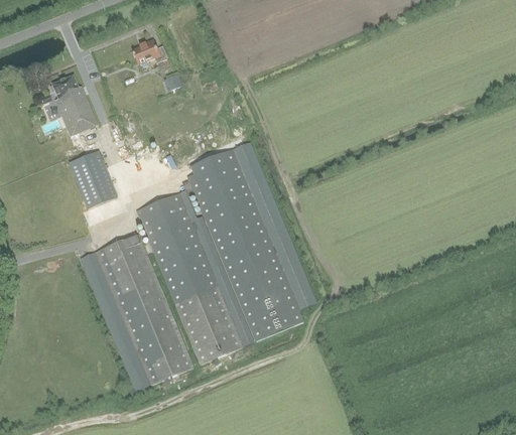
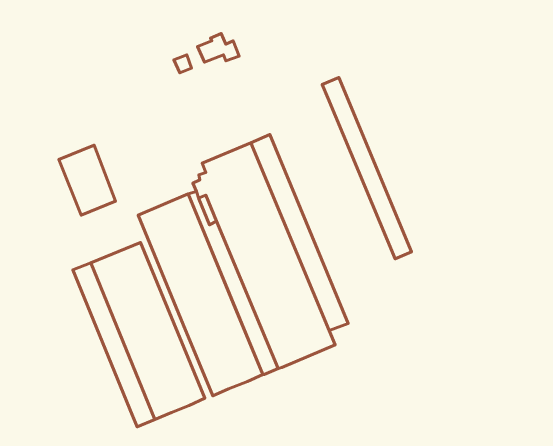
building: [132,38,167,62] -> [198,34,239,62]
building: [51,74,97,134] -> none
building: none -> [322,78,412,259]

